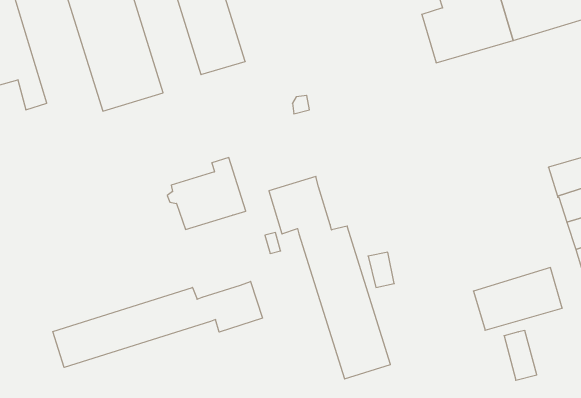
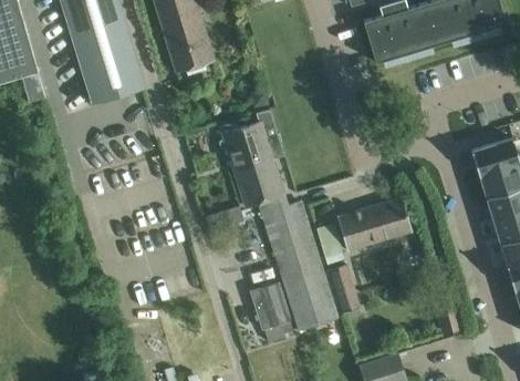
building: [167,158,246,229] -> [218,110,284,171]
building: [473,268,562,330] -> [336,197,412,250]
building: [53,281,263,367] -> none
building: none -> [330,265,360,311]
building: none -> [249,281,290,330]

